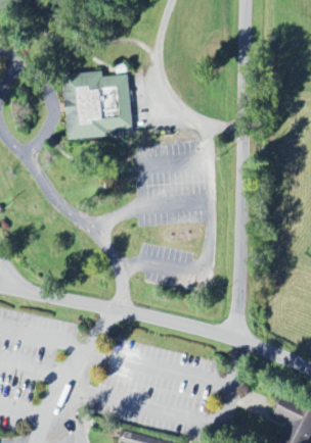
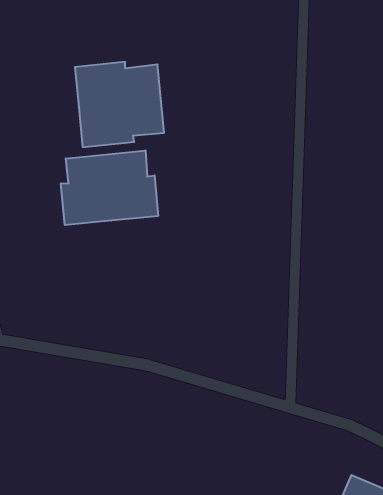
building: none -> [61,150,158,225]

